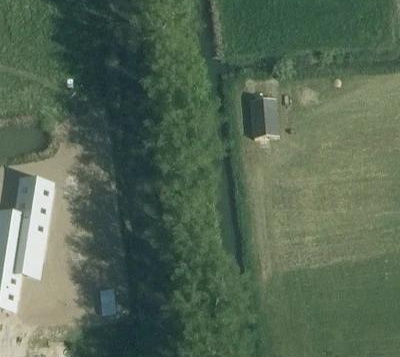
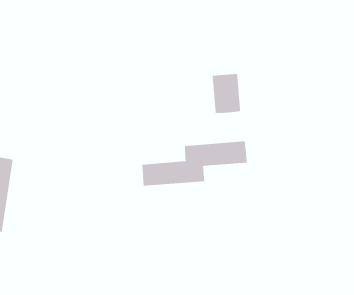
building: none -> [142,141,247,187]

